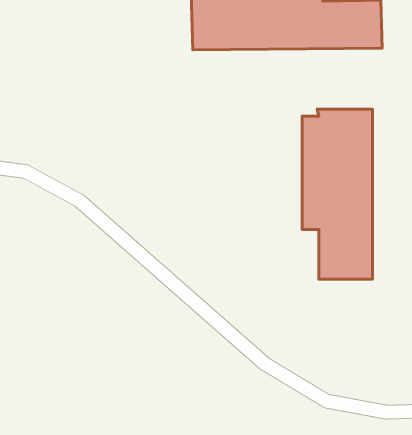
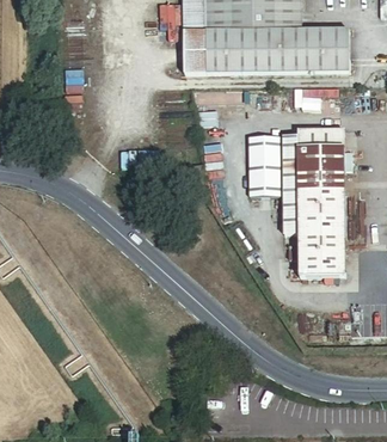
building: none -> [248,136,282,196]

